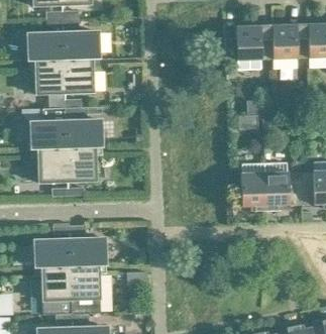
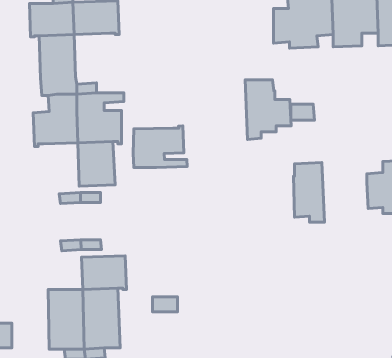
building: [64,57,94,92] -> none
building: none -> [133,126,187,168]
building: [38,145,68,182] -> none
building: [264,161,302,210] -> [245,80,291,139]
building: [34,238,71,266] -> none

